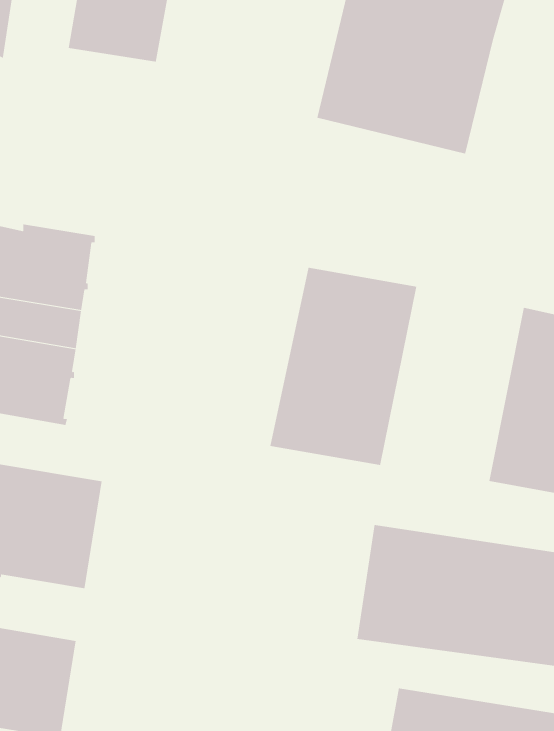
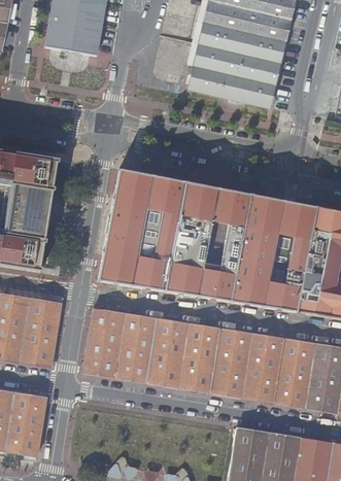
building: none -> [94,165,183,283]
building: none -> [227,188,311,304]
building: none -> [83,310,223,398]

